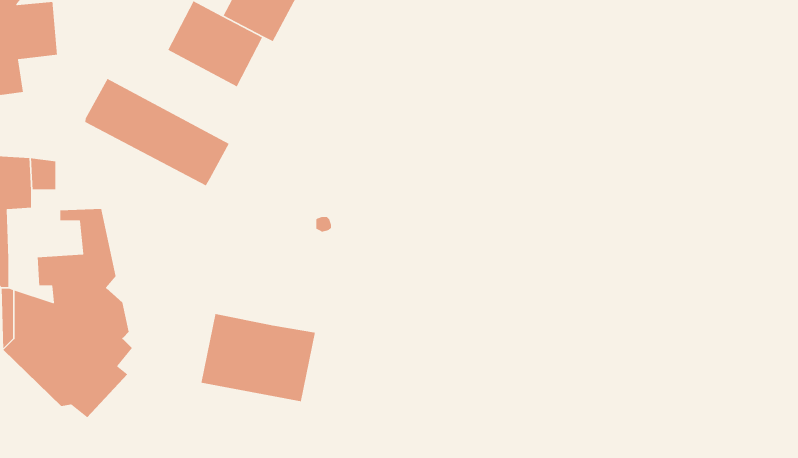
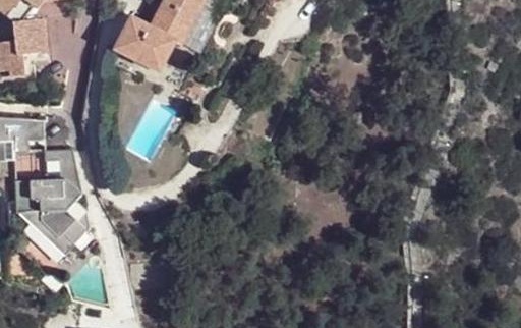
building: [85,78,230,187] -> none
building: [200,313,316,402] -> none

